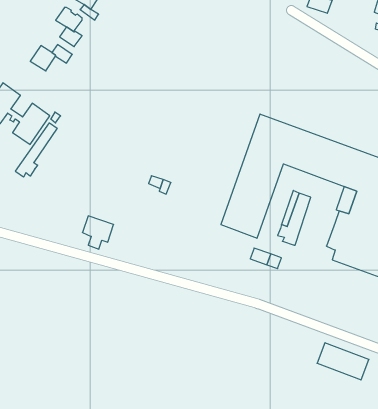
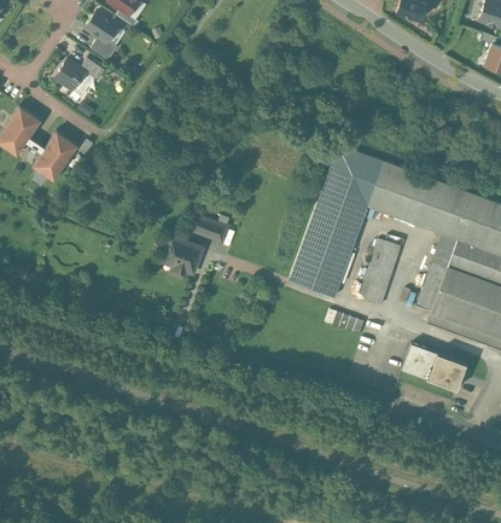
building: [15,123,57,177] -> none
building: [82,216,114,249] -> [164,238,203,279]
building: [317,343,369,380] -> [402,343,466,389]

